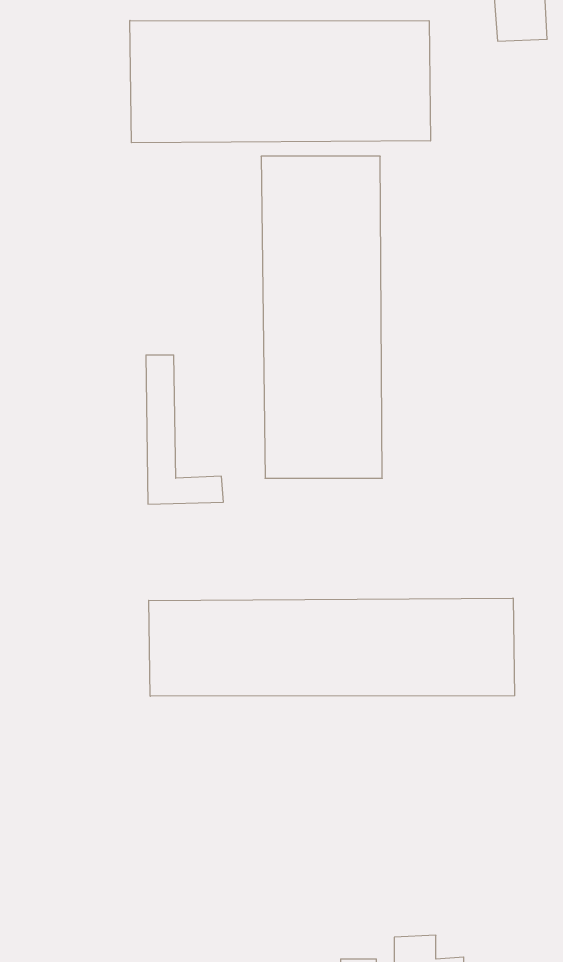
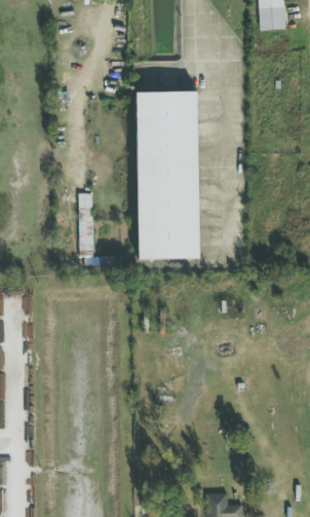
building: [130,20,430,143] -> none
building: [149,598,515,696] -> none

